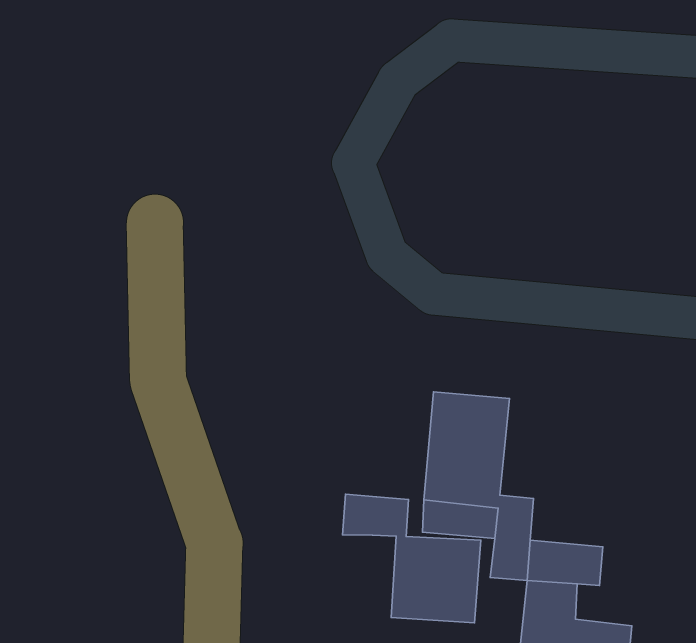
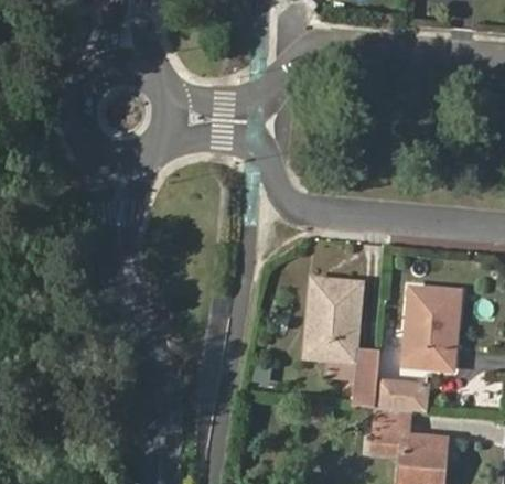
building: none -> [405,287,461,368]
building: [342,494,481,623] -> none

